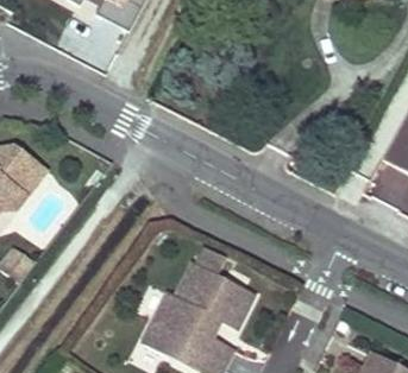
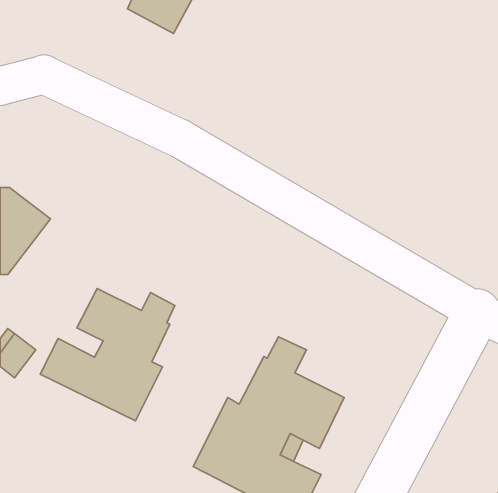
building: none -> [40,288,175,421]

